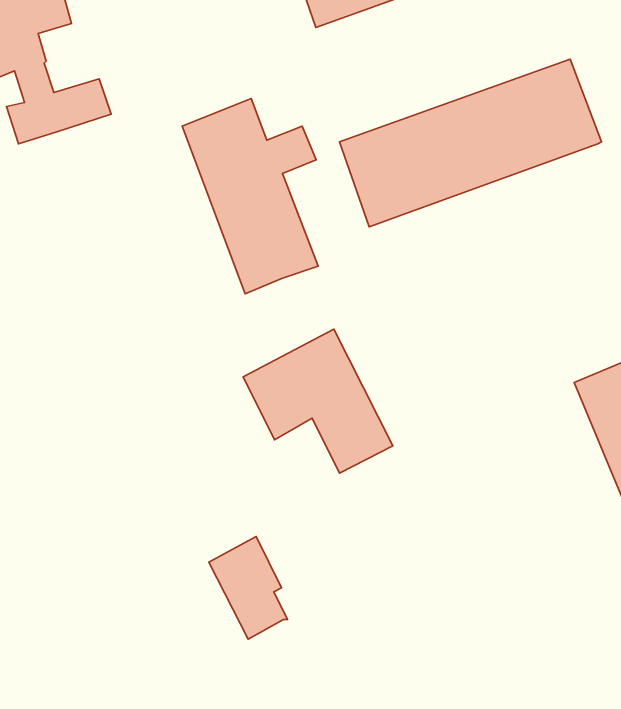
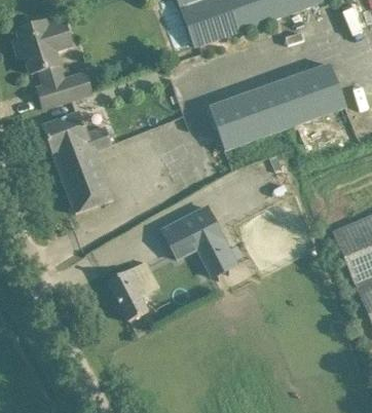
building: [182,99,318,294] -> [42,110,113,212]
building: [209,537,288,639] -> [107,266,148,320]

